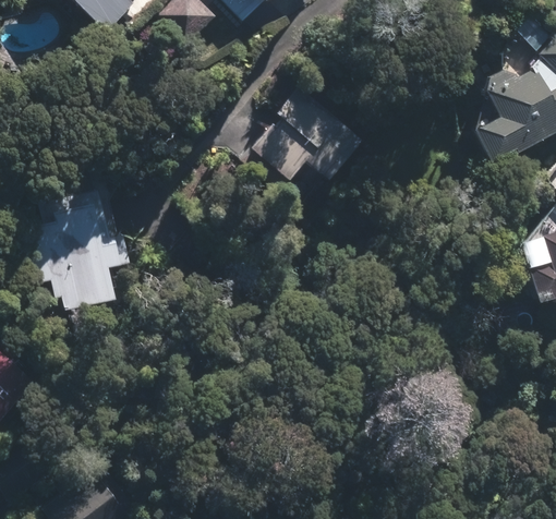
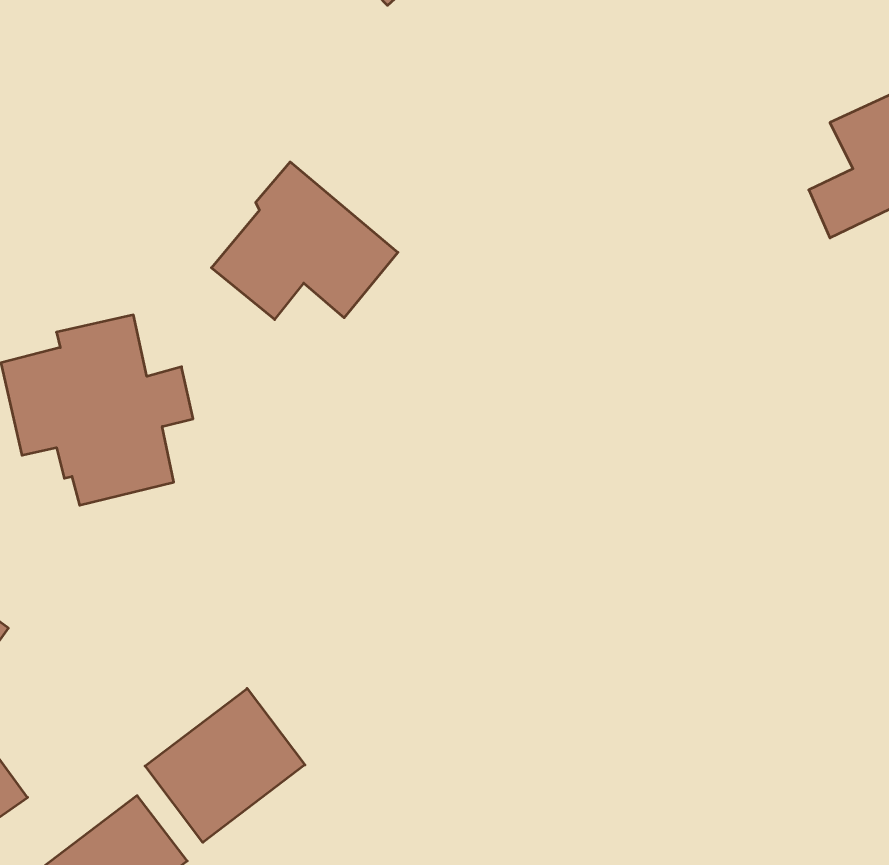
building: [253,88,359,178] -> [211,162,398,320]
building: none -> [145,688,305,842]

